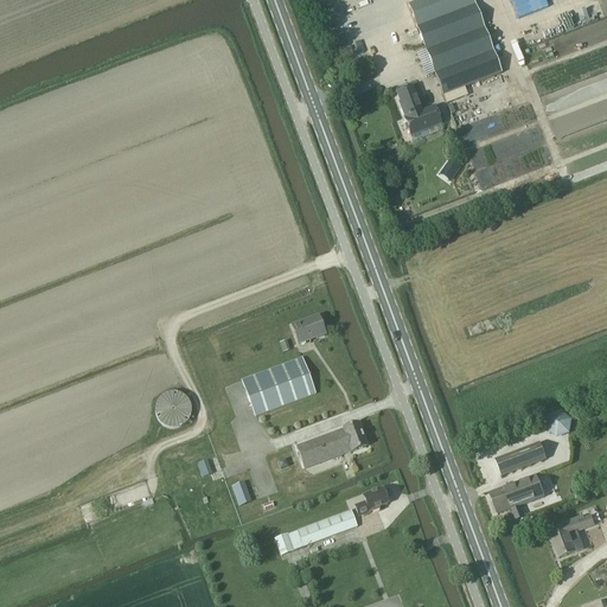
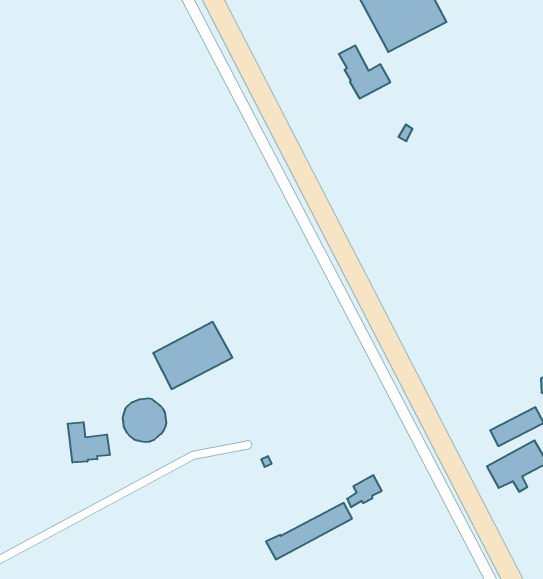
building: [293,313,325,341] -> none
building: [243,356,317,414] -> [153,322,232,389]
building: none -> [68,422,110,463]
building: [298,421,368,466] -> none

